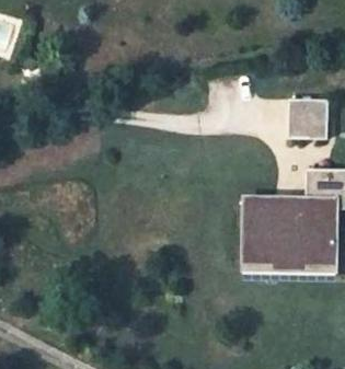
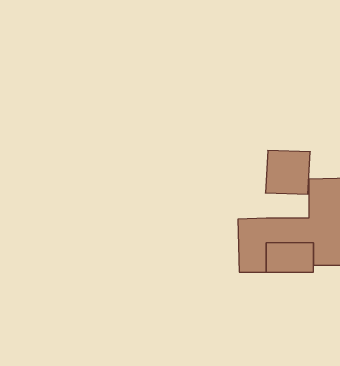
building: [286,101,327,141] -> [265,151,310,194]

